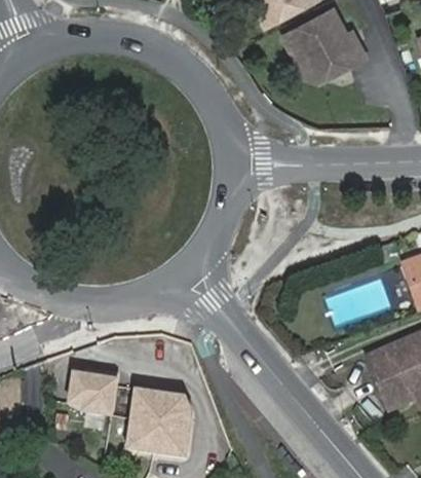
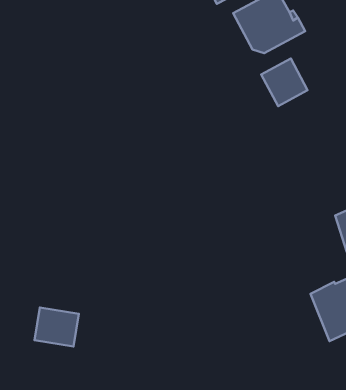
building: none -> [261,59,308,106]
building: [126,387,192,454] -> none

